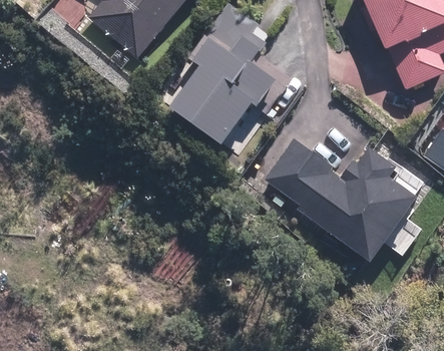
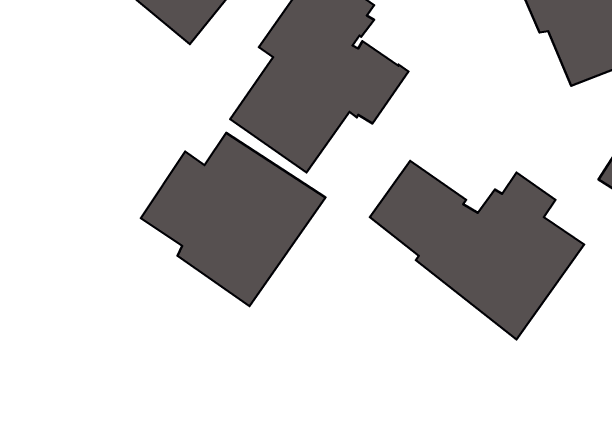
building: none -> [141,133,326,306]

